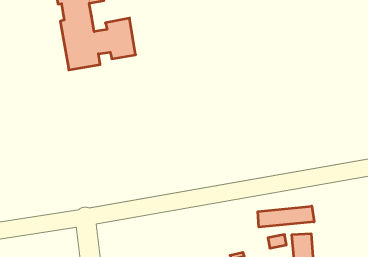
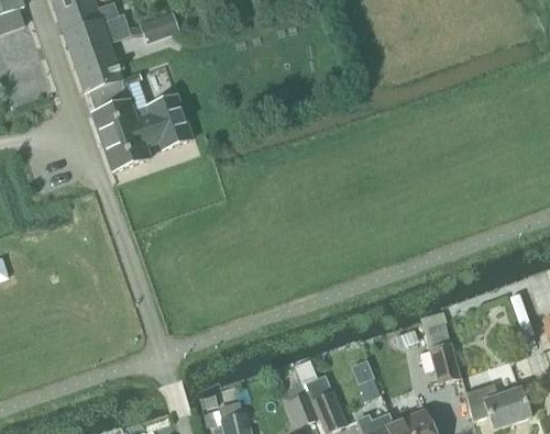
building: [258,206,314,227] -> none

